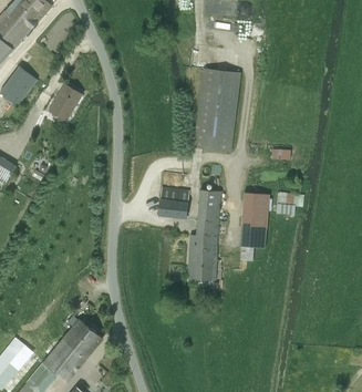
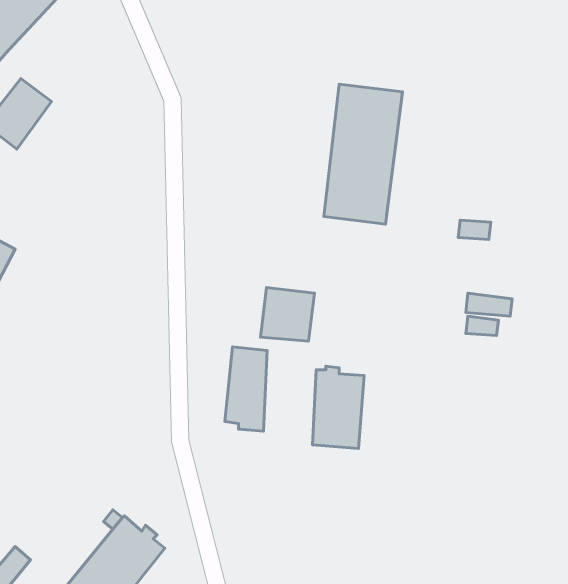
building: [50,84,82,121] -> none
building: [196,189,220,238] -> [225,347,267,431]
building: [241,193,269,228] -> none

